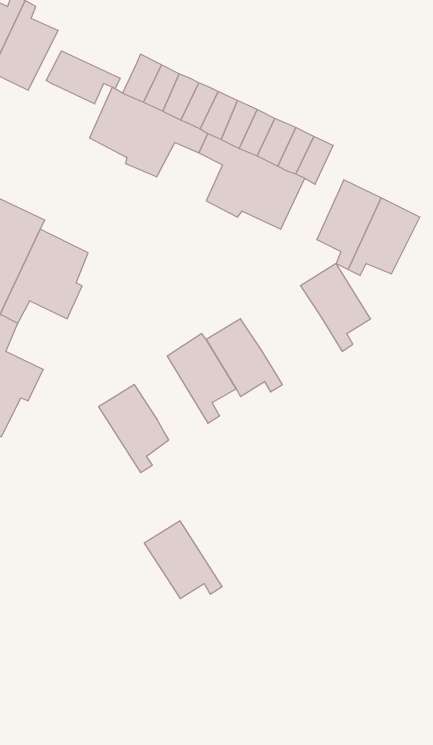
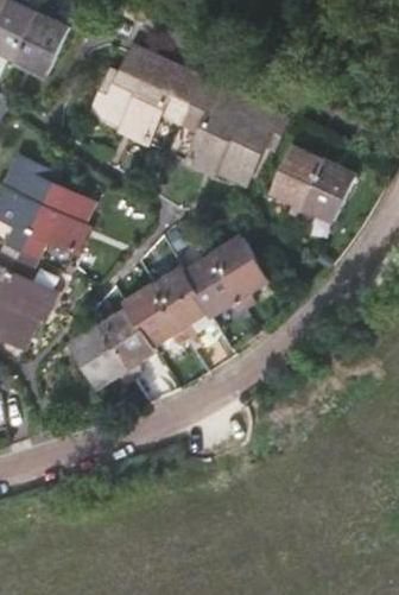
building: [46,51,120,104] -> none
building: [300,263,371,352] -> [211,238,267,308]
building: none -> [124,285,185,346]
building: [144,521,222,599] -> [70,325,132,387]

